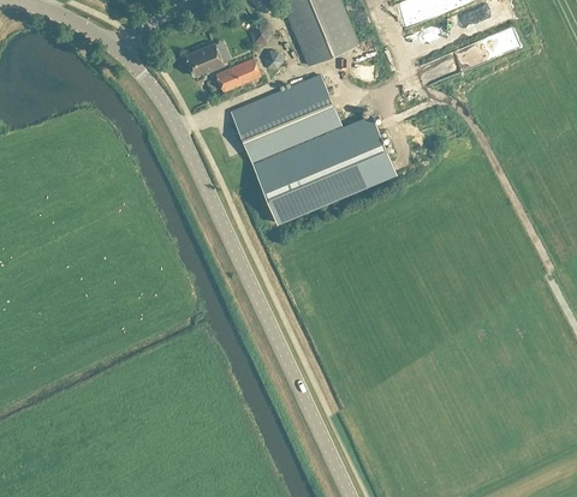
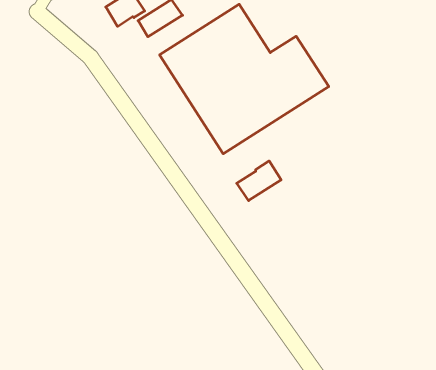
building: none -> [237,161,281,201]

